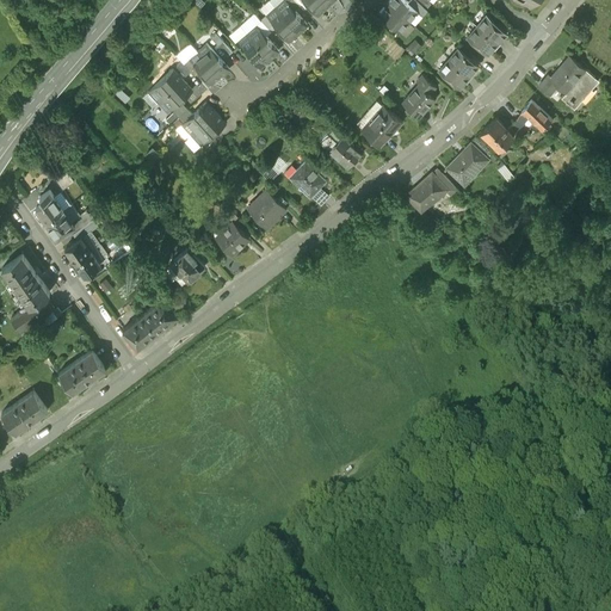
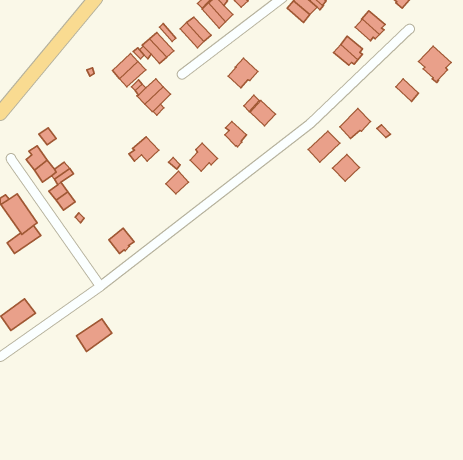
building: [402,75,436,116] -> none
building: [363,103,402,142] -> [228,58,258,88]
building: [481,117,513,149] -> none
building: none -> [333,155,359,181]
building: [163,251,203,283] -> [129,137,159,161]
building: [123,316,158,350] -> none
building: [58,352,105,395] -> [77,319,112,351]

